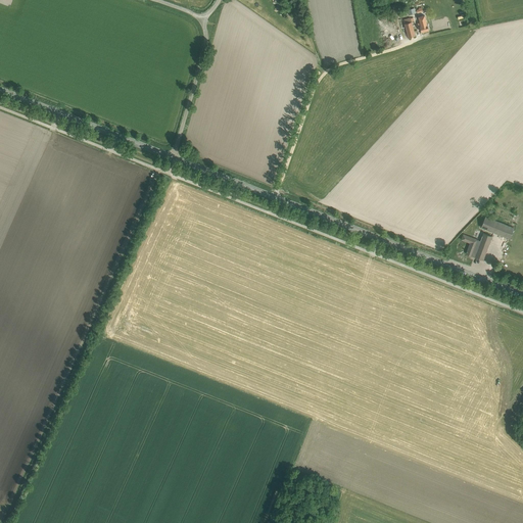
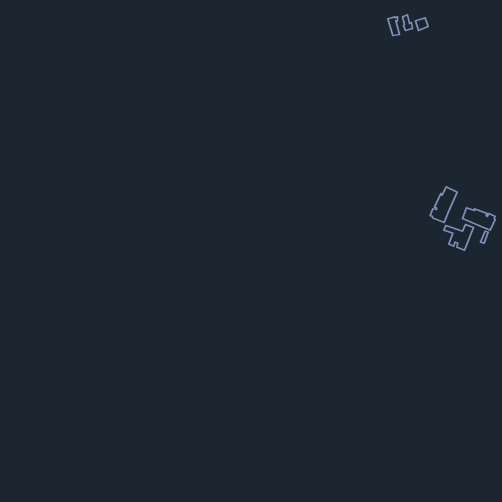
building: none -> [430,187,457,223]

